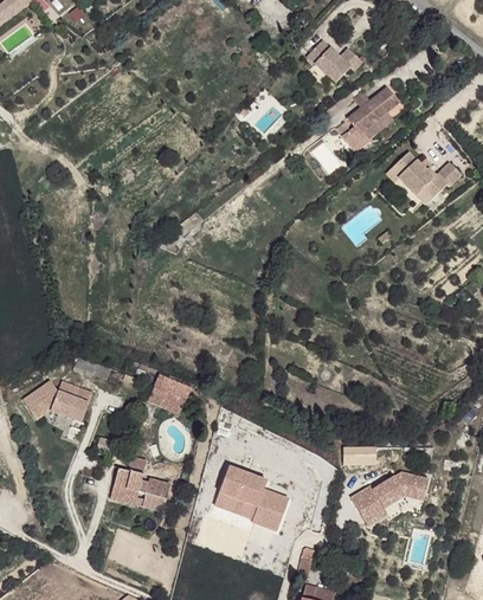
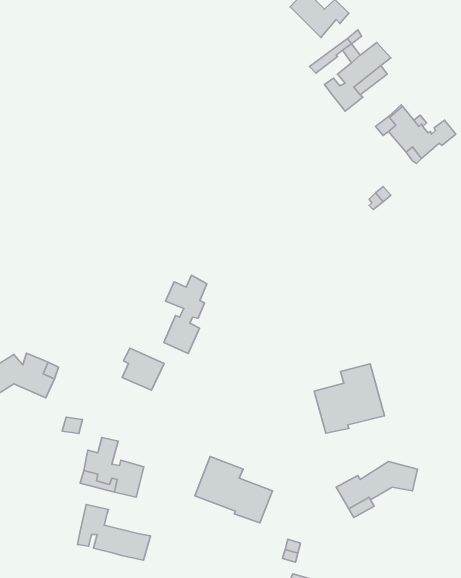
building: none -> [164,275,207,353]
building: none -> [314,364,384,433]
building: none -> [78,504,151,560]

